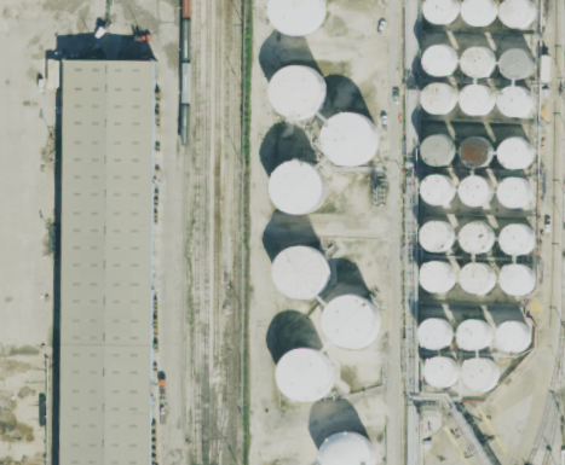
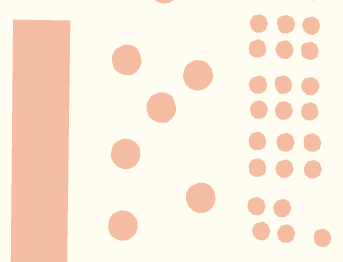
building: [272,71,319,118] -> [111,44,143,75]
building: [276,248,323,295] -> [110,138,141,170]
building: [498,324,527,353] -> [313,228,332,247]
building: [276,354,323,401] -> [107,210,138,241]

